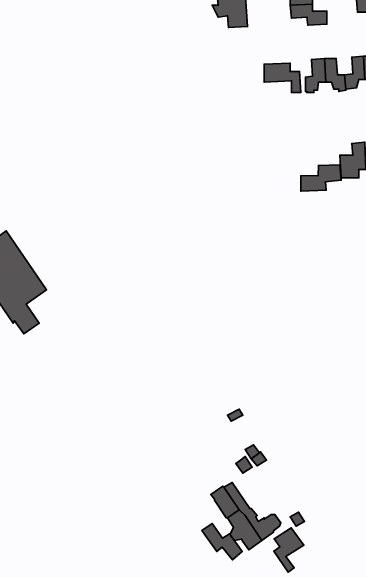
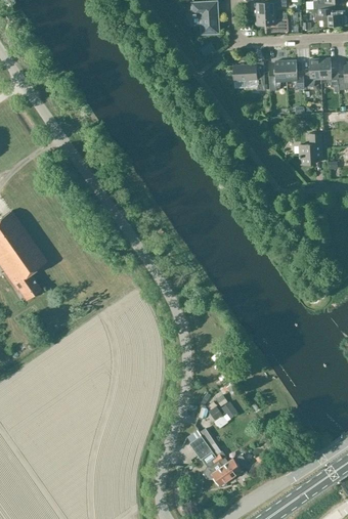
building: [301,165,341,191] -> none
building: [202,524,242,560] -> none
building: [274,528,304,572] -> none

